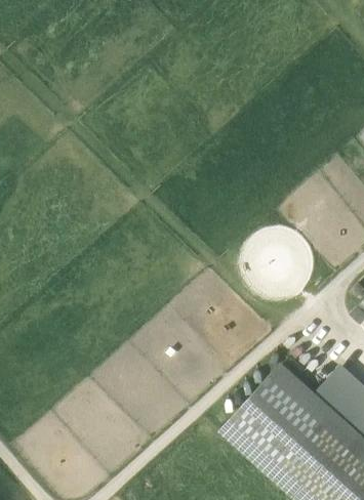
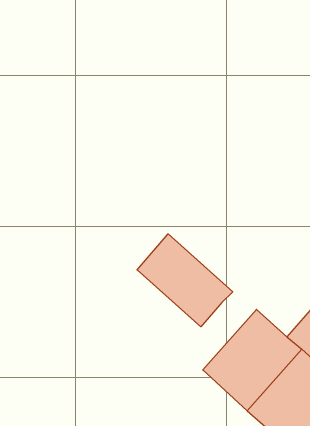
building: none -> [137,234,233,327]

